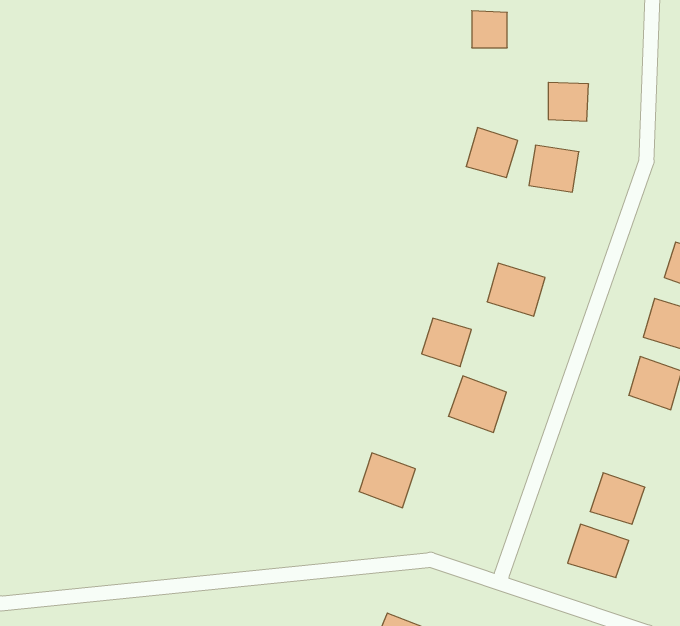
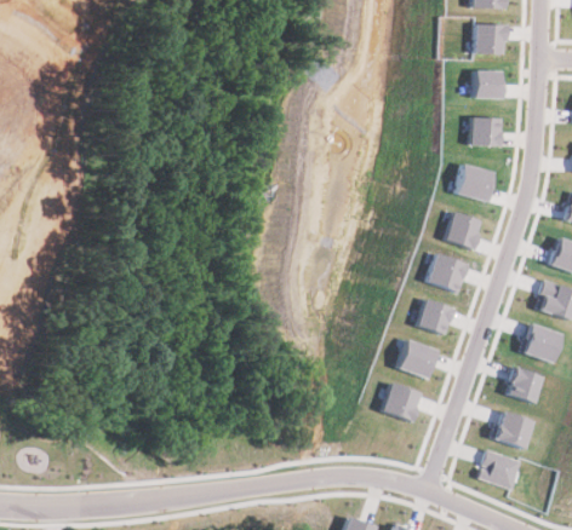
building: [472,11,507,48] -> [470,70,497,98]
building: [466,128,518,178] -> [440,211,479,248]
building: [422,318,471,367] -> [413,299,451,335]
building: none -> [511,367,549,403]
building: [359,453,415,508] -> [378,381,421,422]

